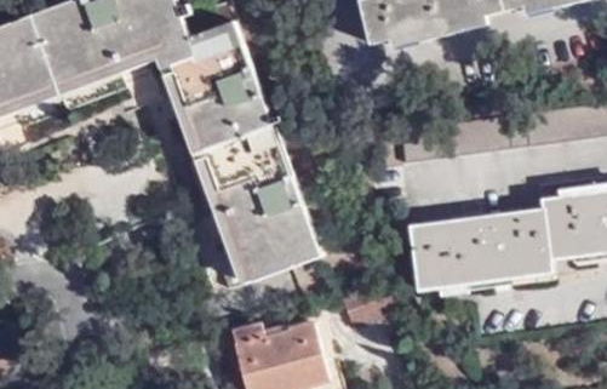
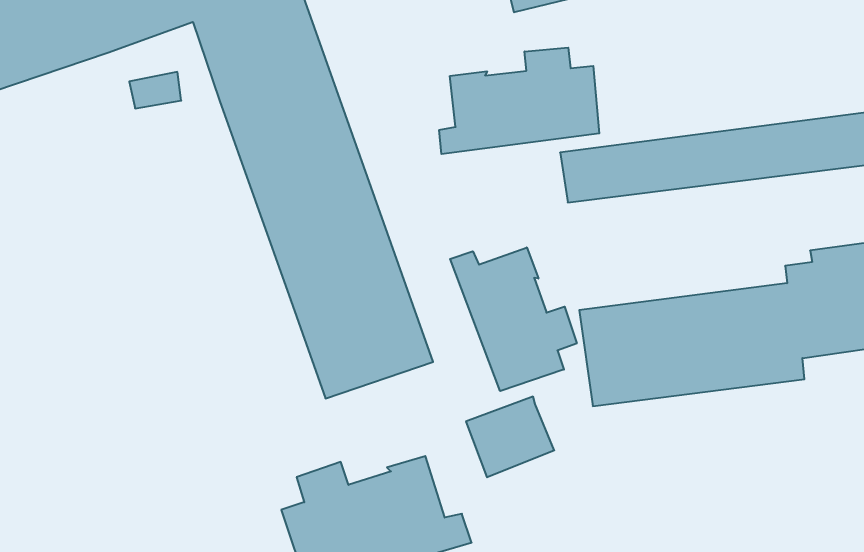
building: none -> [439,48,599,154]
building: none -> [450,247,577,391]

